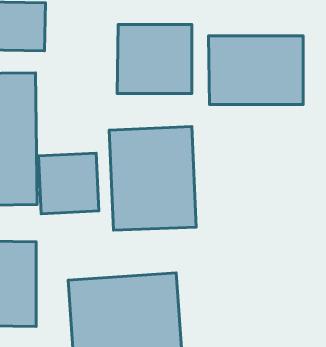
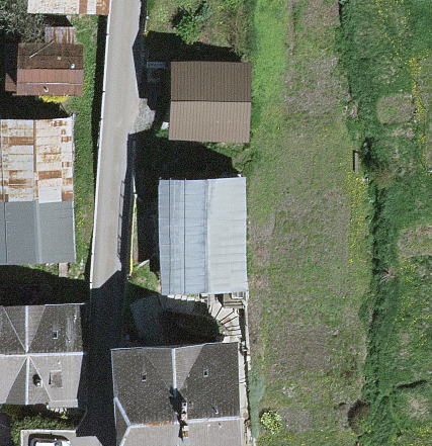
building: [209,36,303,105] -> none
building: [39,153,99,214] -> none

